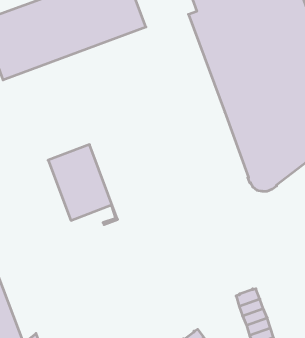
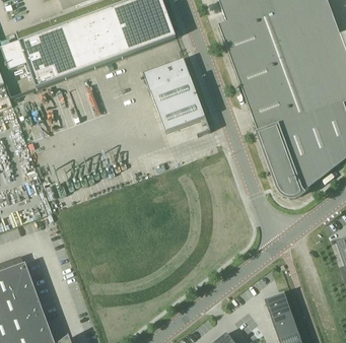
building: [48,145,118,225] -> [143,57,211,135]

